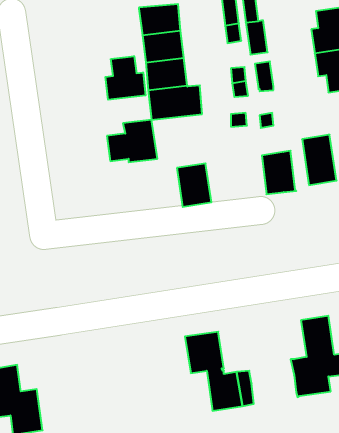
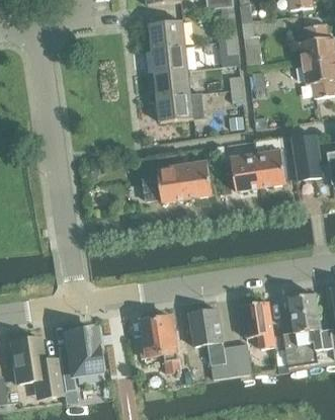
building: [105,56,146,100] -> none
building: [107,120,157,162] -> [142,164,186,201]
building: none -> [230,140,260,191]
building: none -> [241,301,274,347]
building: none -> [140,318,180,374]
building: none -> [58,330,105,394]

